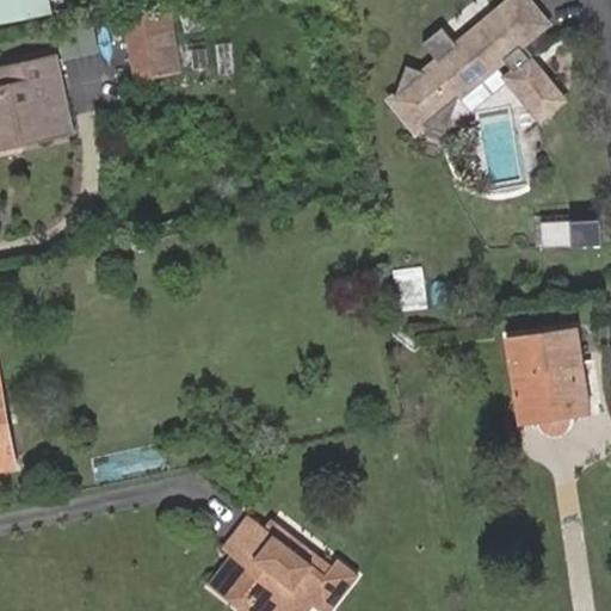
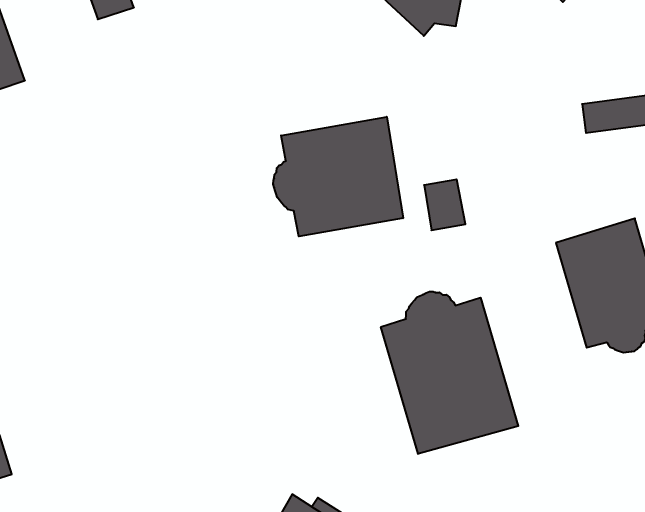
building: none -> [273,117,403,236]
building: none -> [381,292,518,454]

